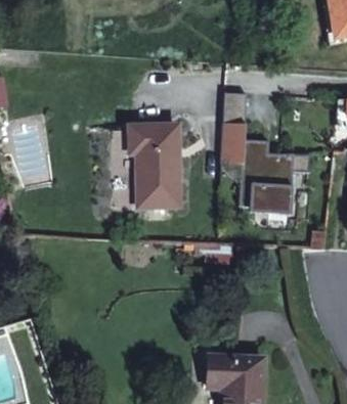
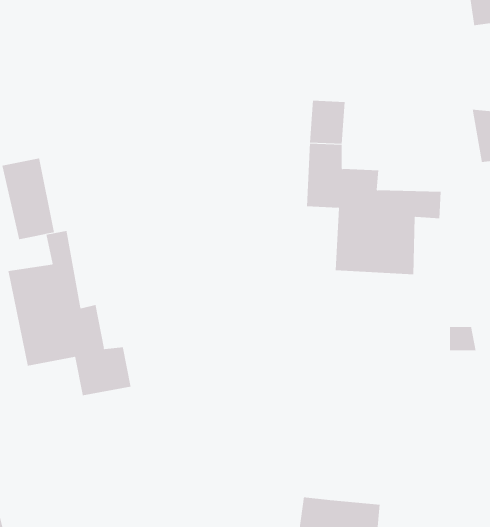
building: [128,122,179,204] -> none
building: none -> [8,230,131,396]

